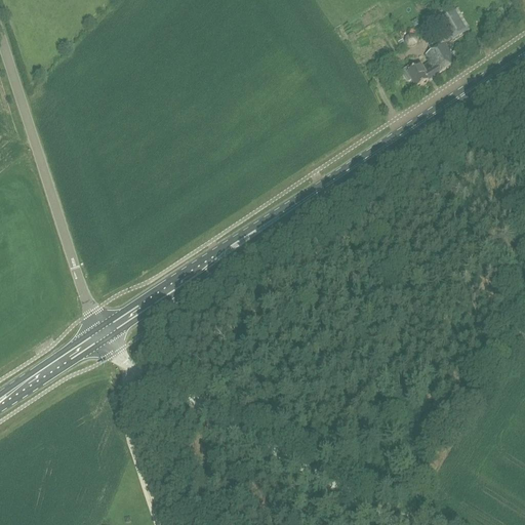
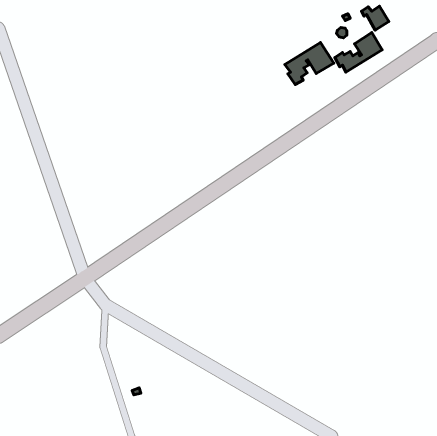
building: none -> [285,43,334,85]

